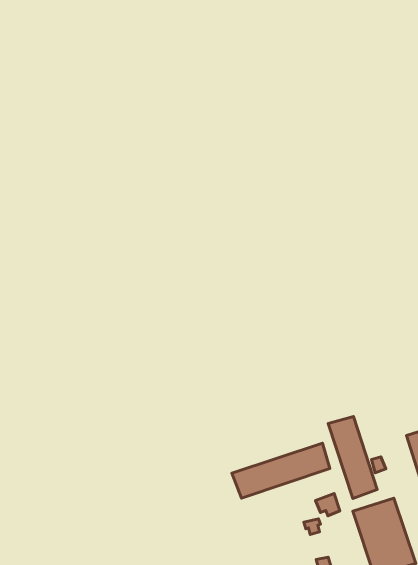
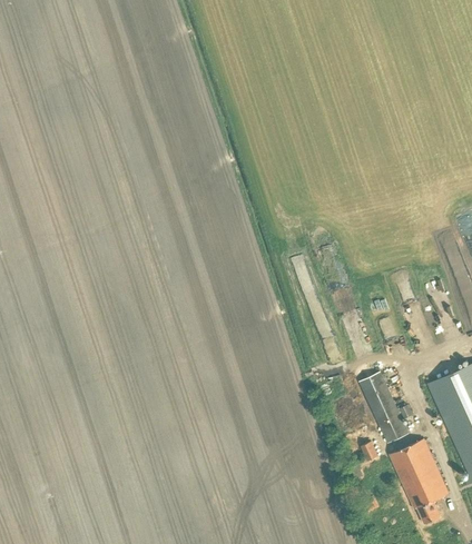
building: [232,443,330,498] -> none

